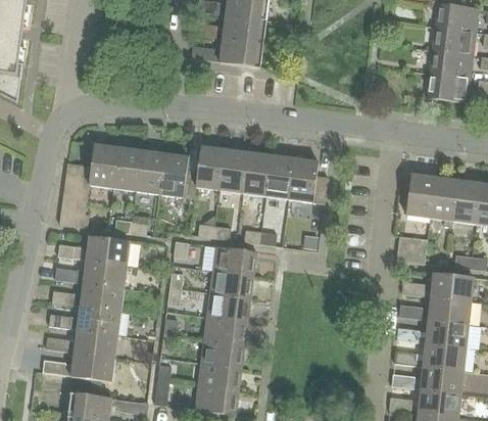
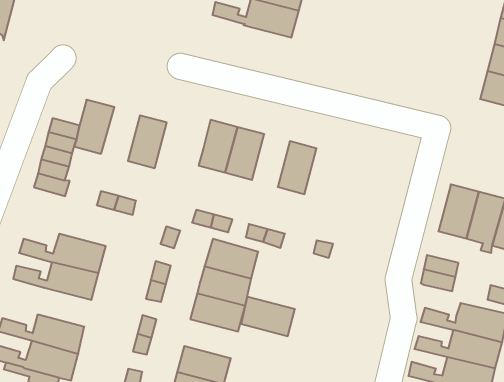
building: [111,146,140,190] -> none
building: [242,152,270,195] -> none
building: [158,153,197,198] -> none
building: [288,158,327,203] -> none
building: [57,235,129,265] -> none
building: [48,307,119,335] -> none
building: [203,317,247,345] -> [241,297,295,336]

